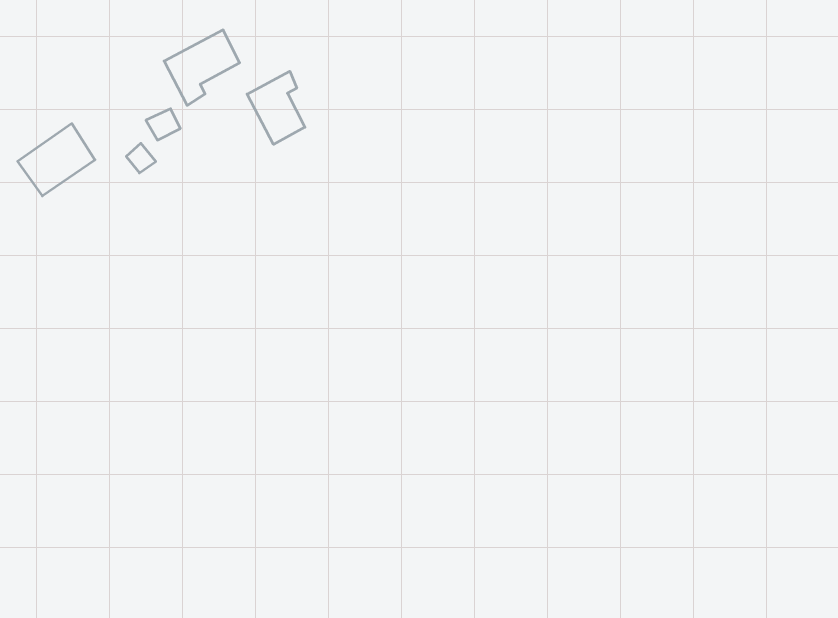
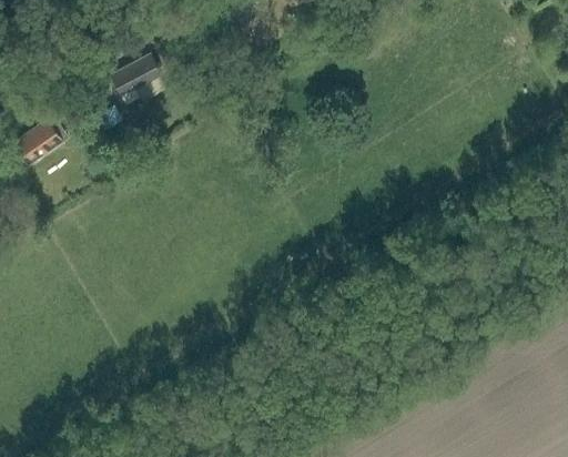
building: [247,71,305,144] -> none

